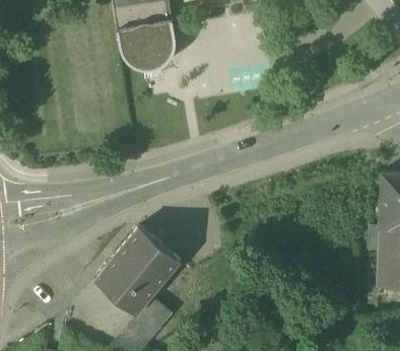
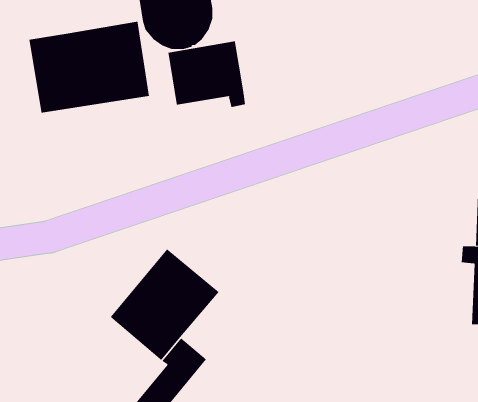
building: none -> [29,21,150,113]
building: none -> [168,41,245,108]

